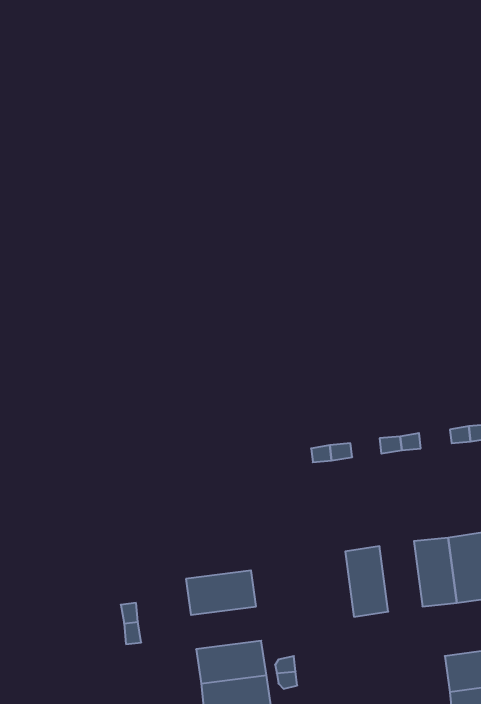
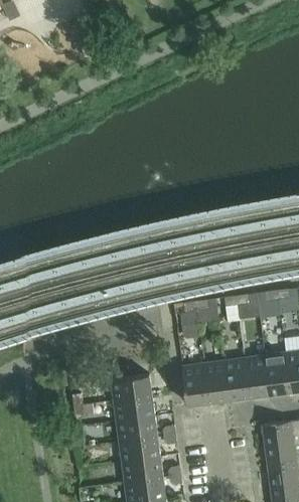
building: none -> [223,358,249,399]
building: none -> [181,364,208,405]
building: none -> [113,396,154,422]

